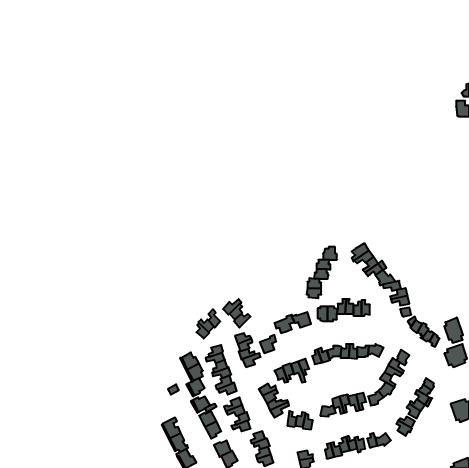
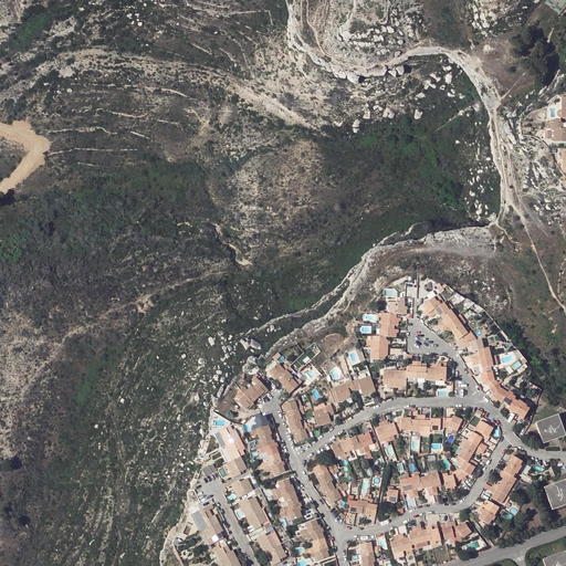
building: [444,317,463,343] -> none

